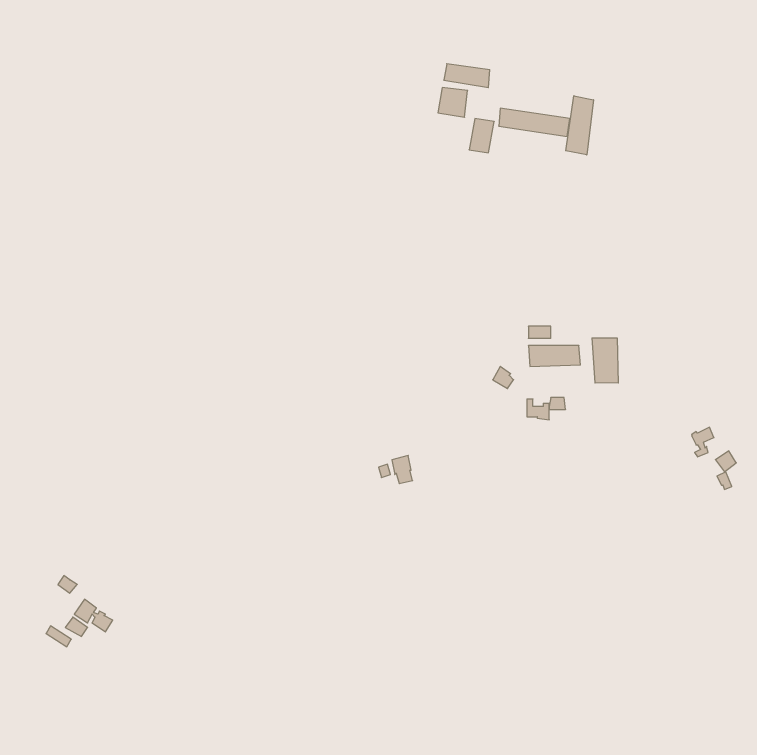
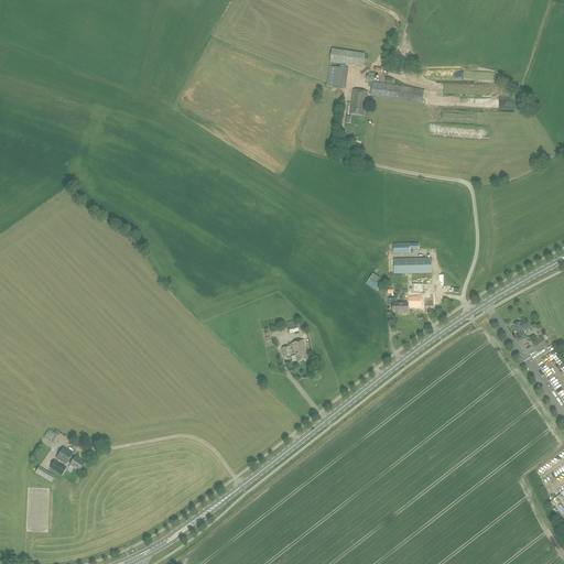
building: [566,96,593,155] -> none
building: [592,338,618,383] -> none

